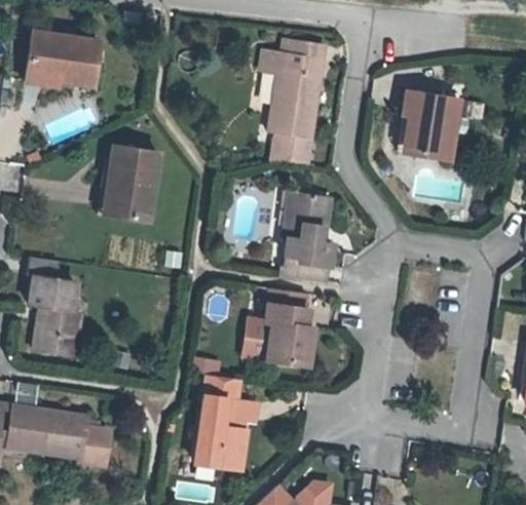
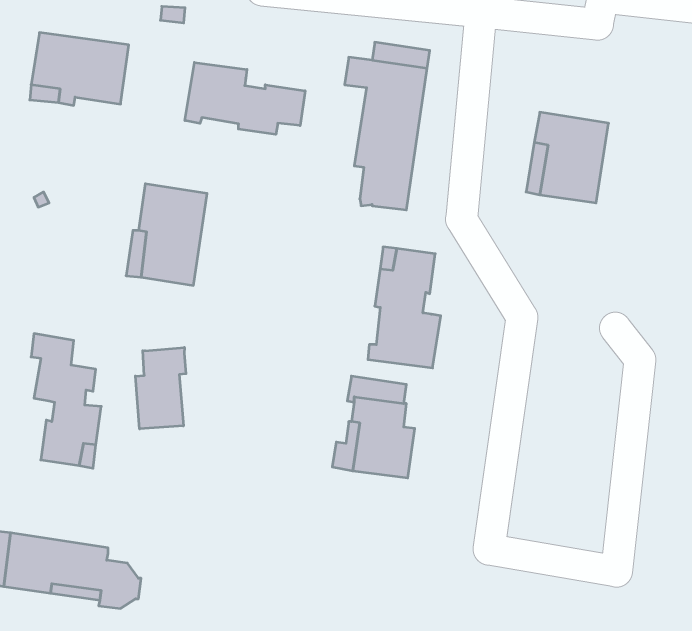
building: none -> [185,62,305,134]
building: none -> [135,347,186,429]
building: [195,374,248,469] -> none

